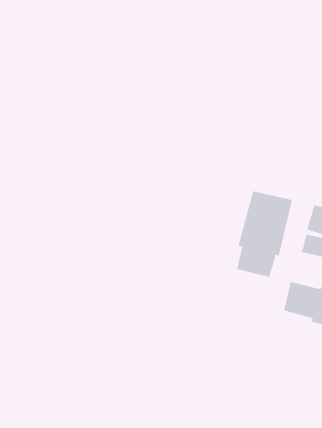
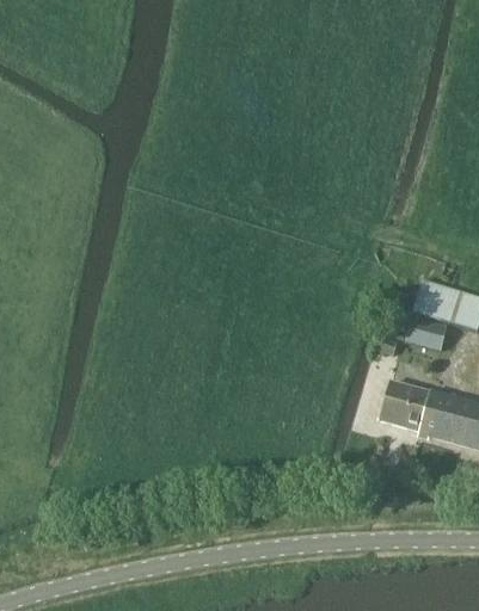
building: [237,190,293,278] -> none

